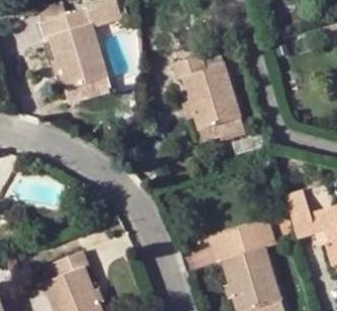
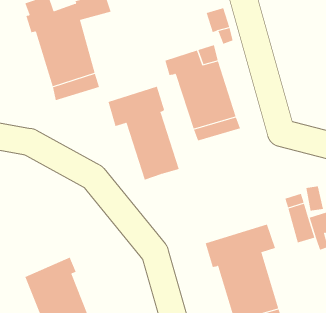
building: none -> [108,86,180,180]

